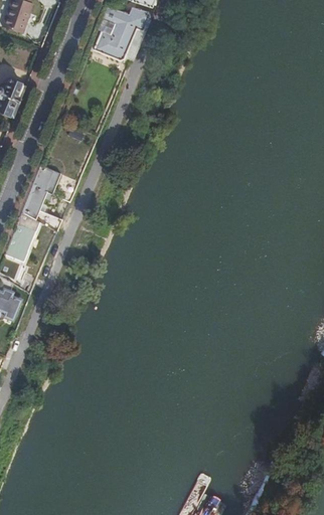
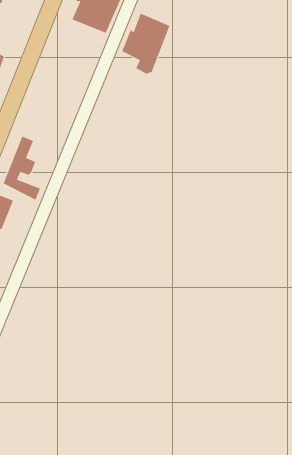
building: none -> [122,13,170,75]

